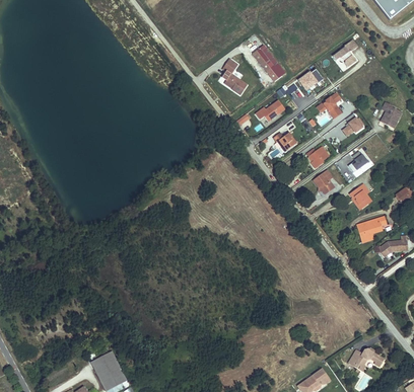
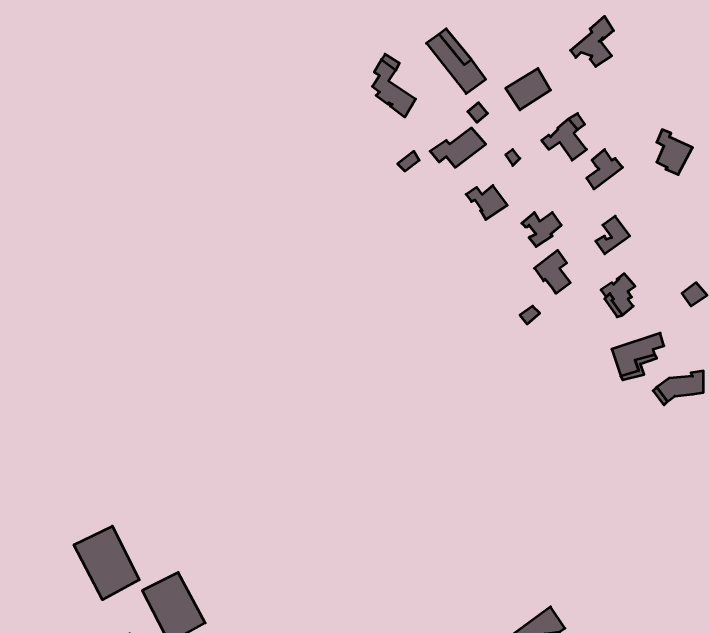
building: none -> [74,526,139,600]
building: [348,349,384,372] -> none

